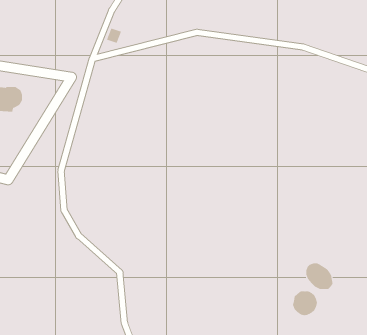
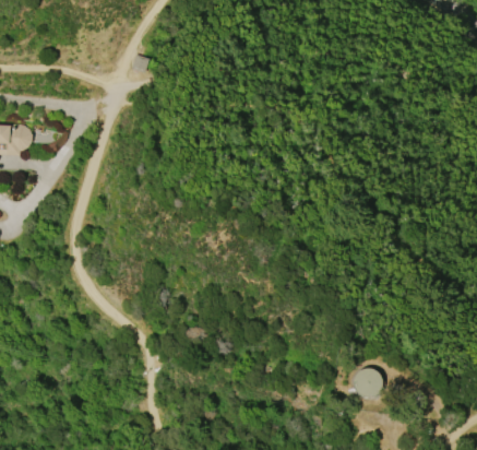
building: [306,263,333,290] -> none

